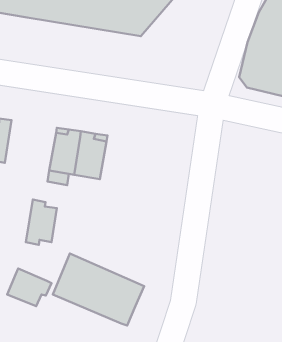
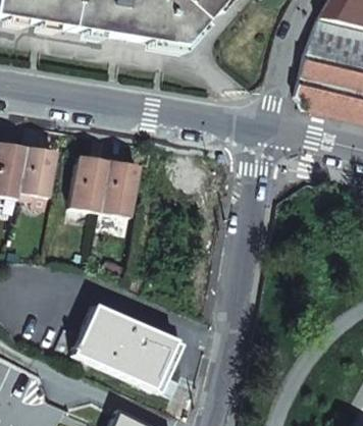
building: [26,200,57,245] -> [18,145,55,199]
building: [7,269,51,306] -> none

